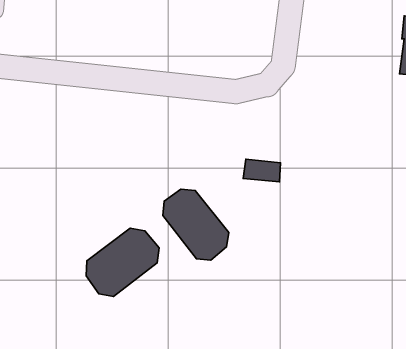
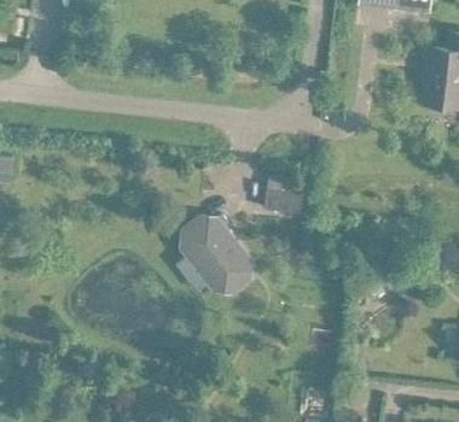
building: [86,228,159,297] -> none

